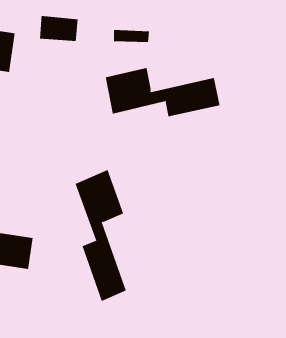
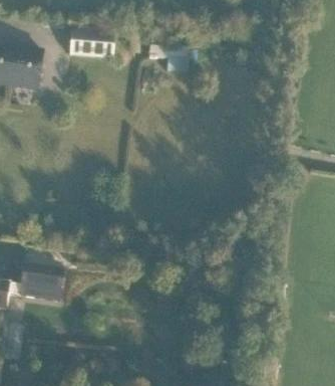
building: [105,67,220,117] -> none
building: [75,169,127,302] -> none

